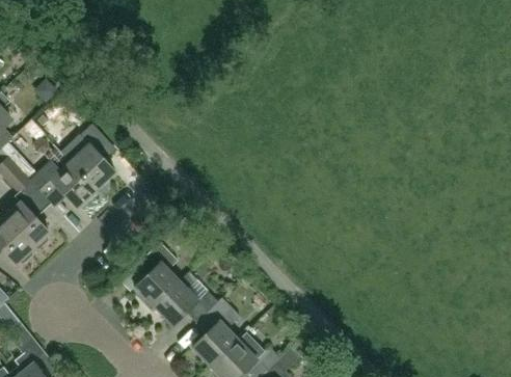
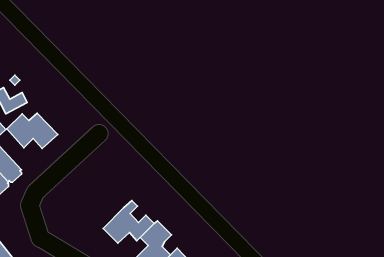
building: [70,125,114,189] -> none
building: [134,242,179,307] -> none

